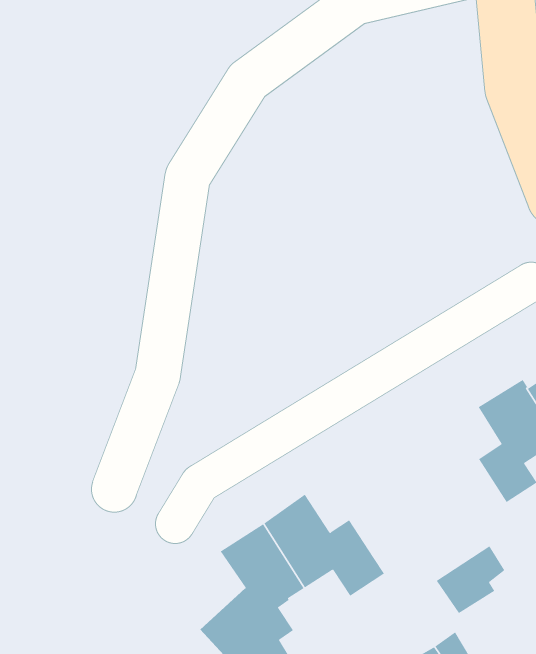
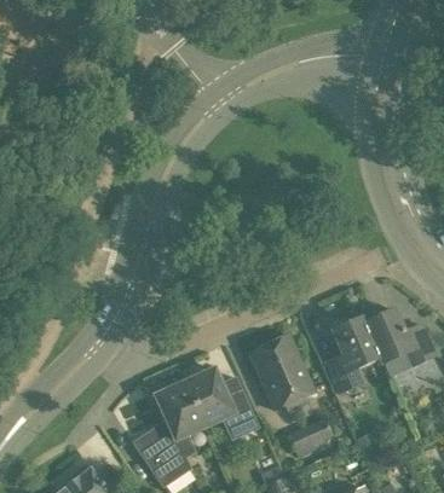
building: none -> [249,332,315,408]

